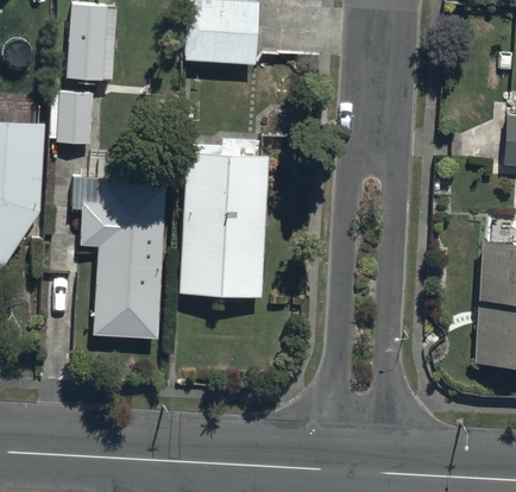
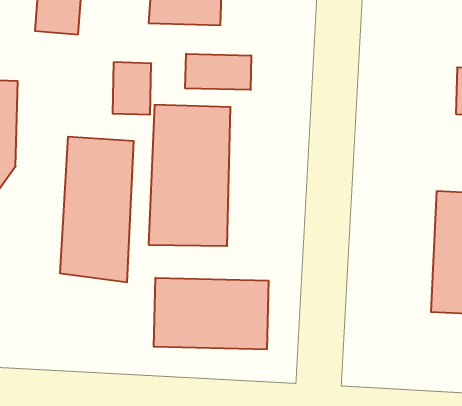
building: [48,88,88,143] -> [113,62,151,115]
building: none -> [185,54,251,90]
building: none -> [154,278,268,349]

